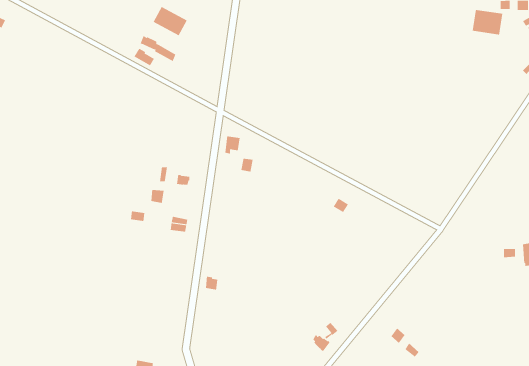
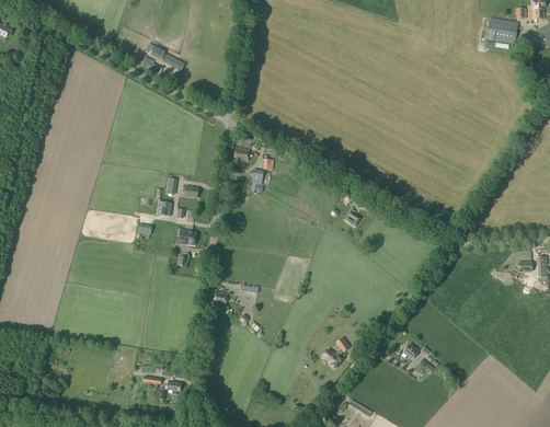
building: [153,6,187,36] -> none

